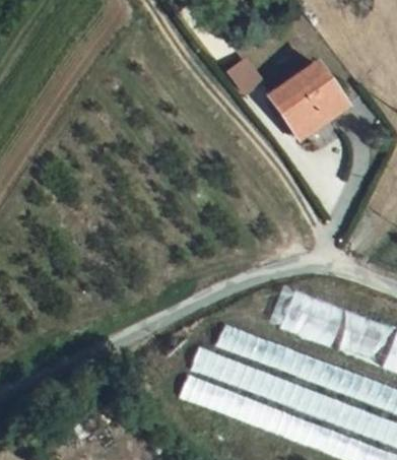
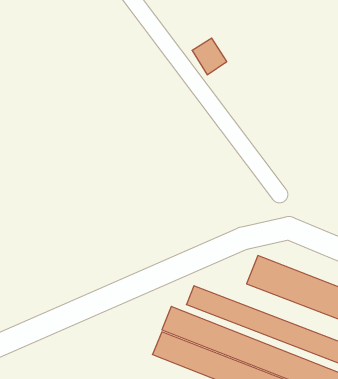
building: [273,66,348,140] -> none

